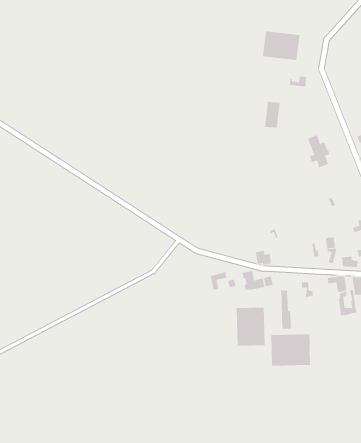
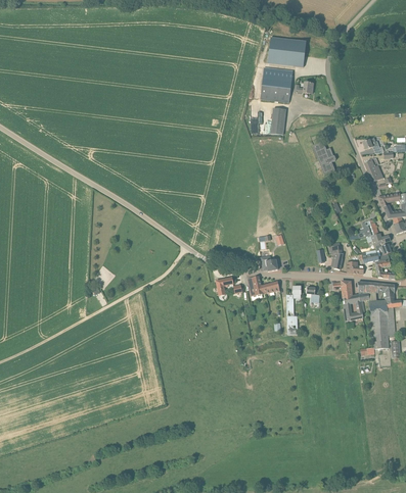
building: none -> [260,66,292,102]
building: [236,307,265,347] -> none
building: [271,333,311,366] -> none

